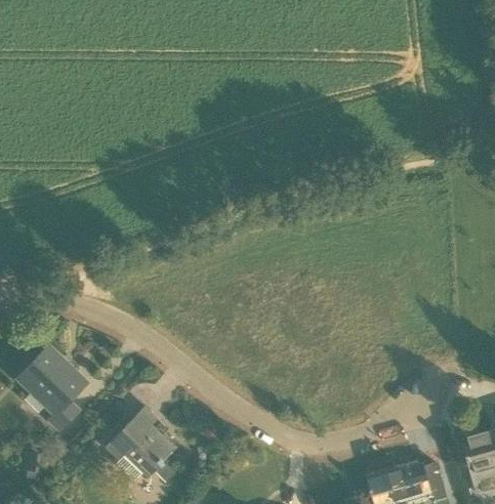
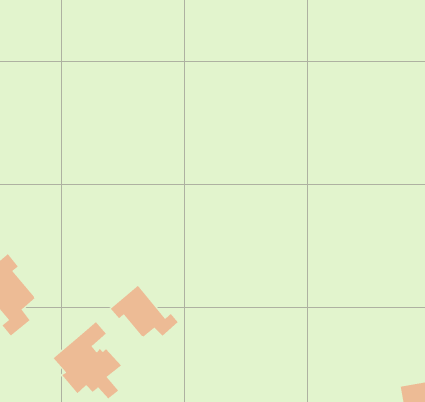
building: none -> [110,285,179,342]

